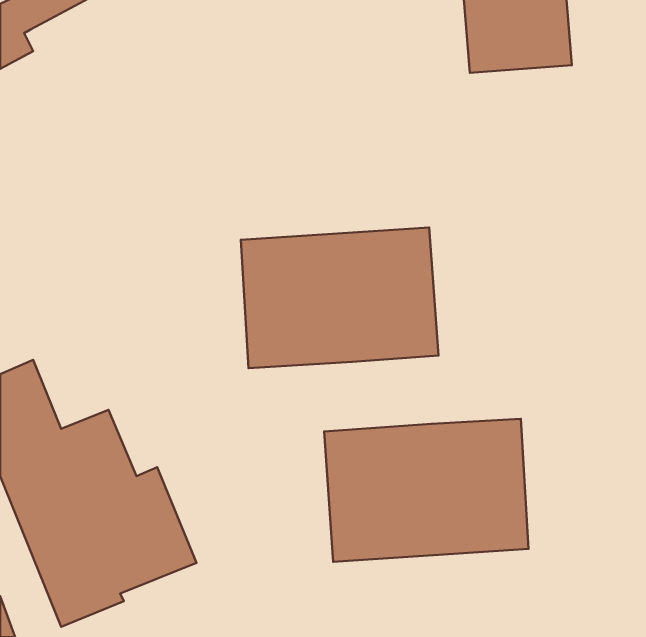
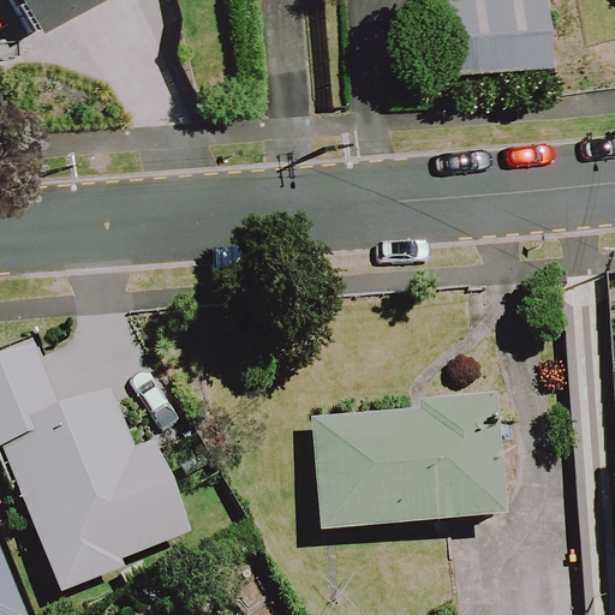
building: [241,227,438,368] -> none

